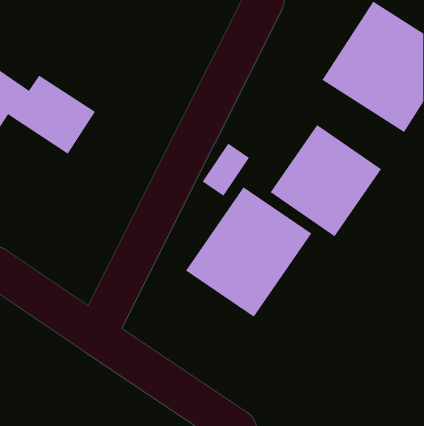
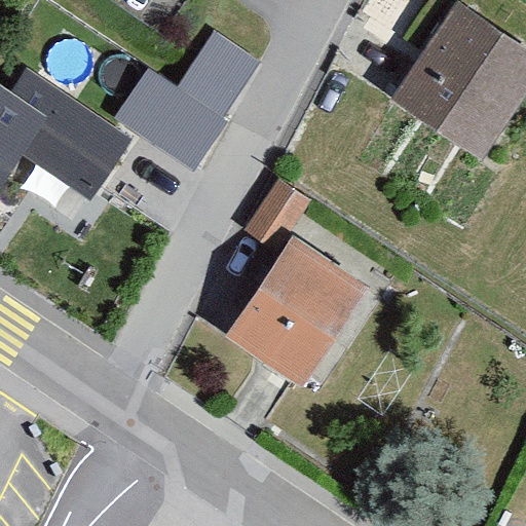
building: none -> [113,29,261,167]
building: [270,124,382,237] -> none

